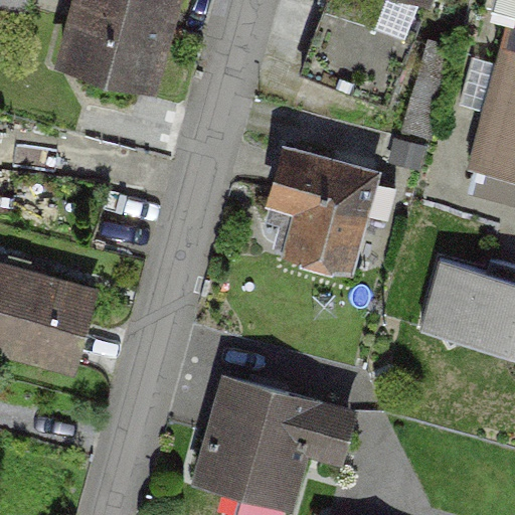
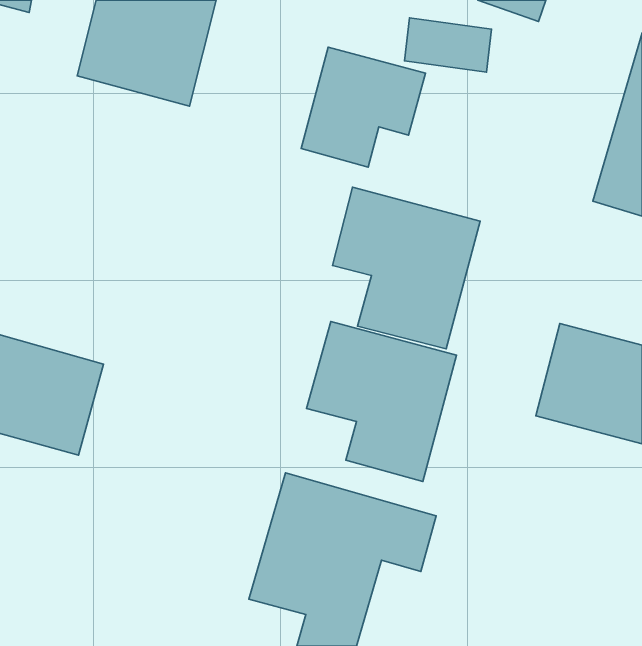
building: none -> [301,47,426,167]
building: none -> [307,321,457,482]

